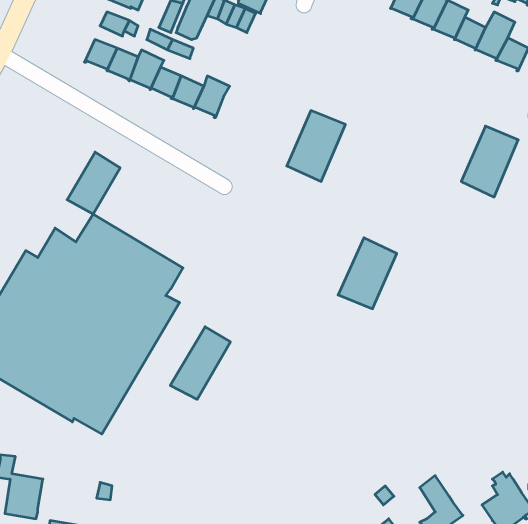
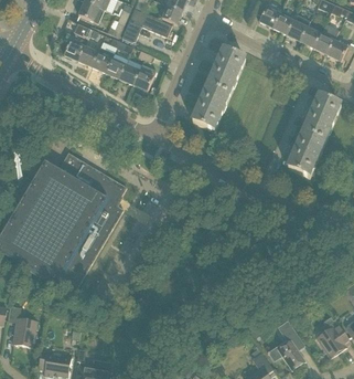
building: none -> [208,50,246,95]
building: [67,152,120,214] -> none
building: [338,238,397,309] -> [288,131,325,177]
building: [170,327,230,399] -> none

